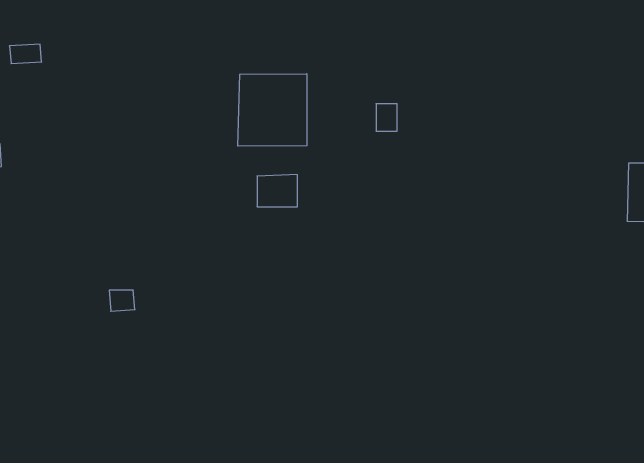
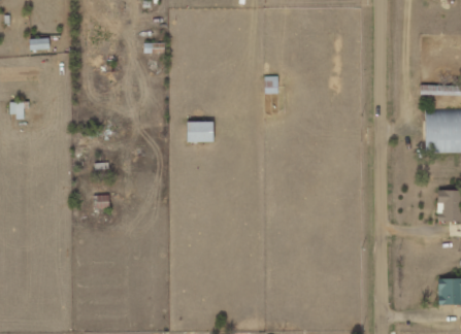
building: [238,74,307,146] -> none

